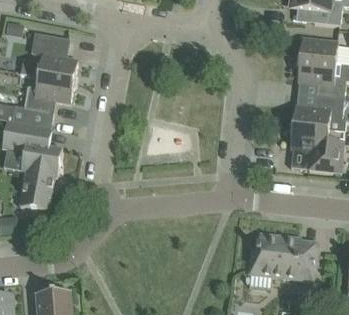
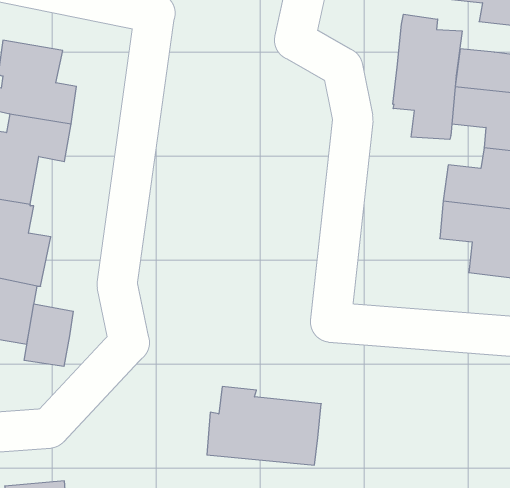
building: none -> [393,14,462,139]
building: none -> [24,304,73,366]
building: [250,233,317,279] -> [207,387,321,465]

